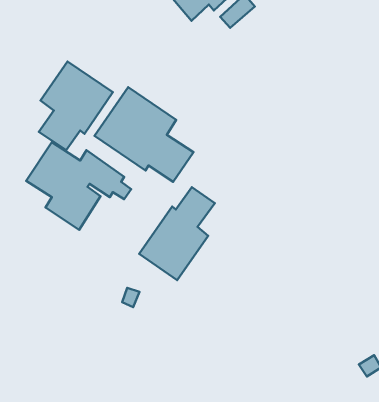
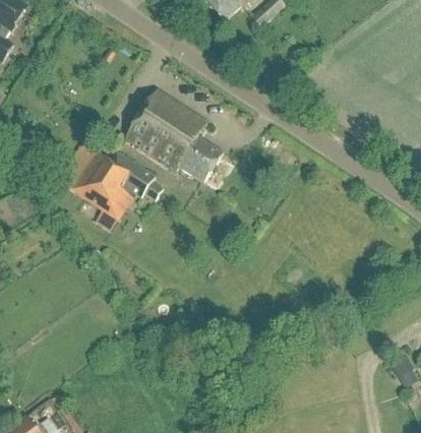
building: [39,61,113,150] -> none
building: [139,187,215,280] -> none

